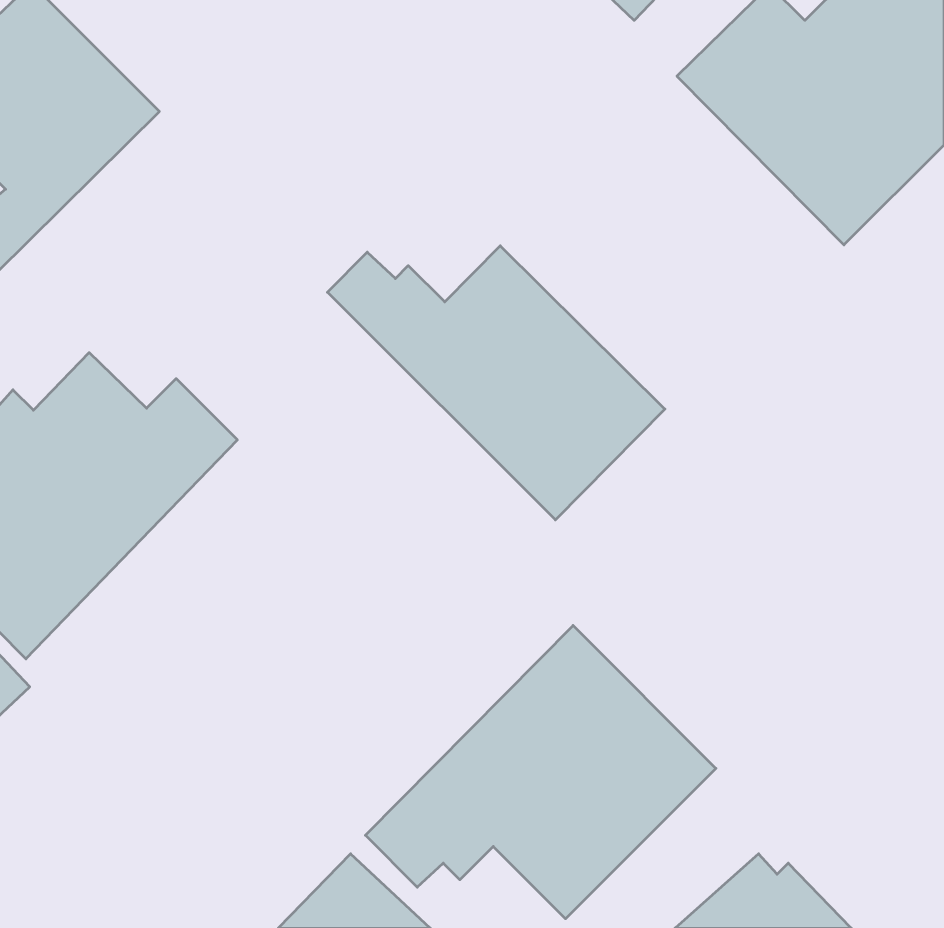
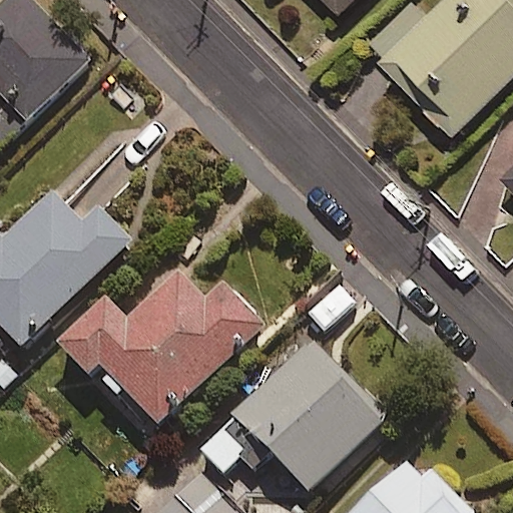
building: [327,246,665,520] -> none
building: none -> [54,271,264,429]

